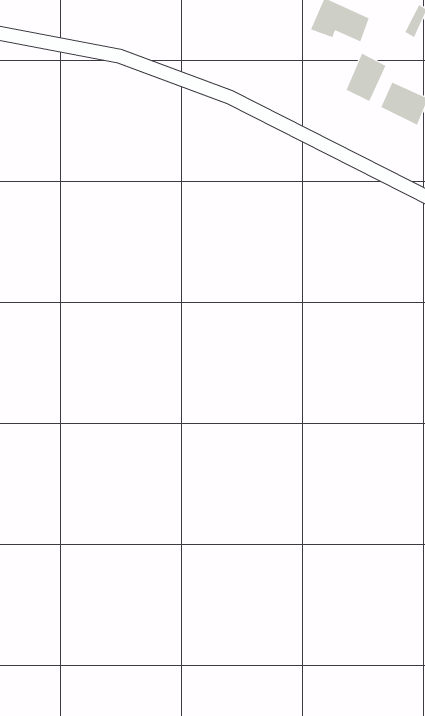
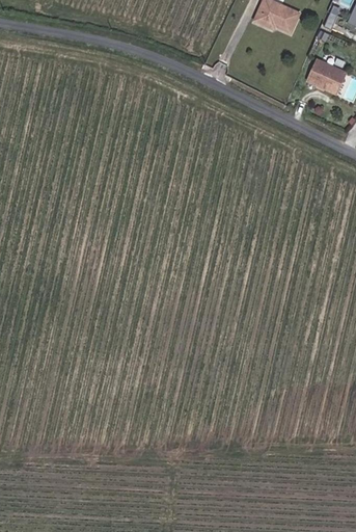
building: [346,53,386,102] -> none

